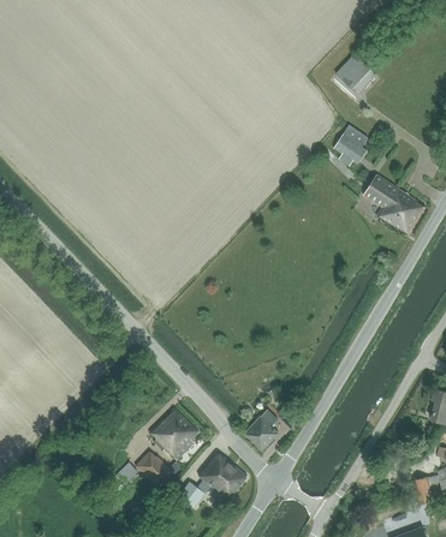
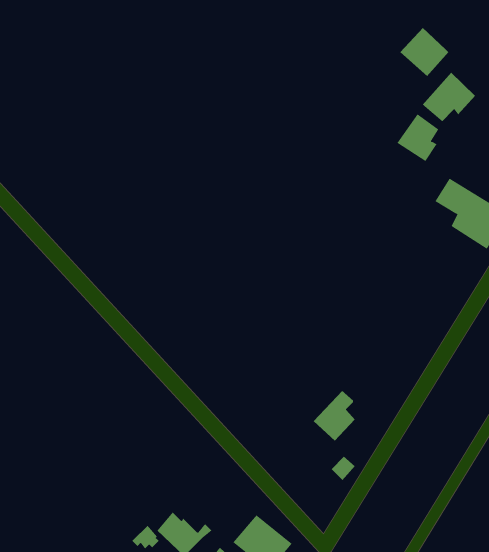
building: none -> [422,72,476,122]
building: [151,407,198,459] -> none
building: [244,408,279,451] -> [313,390,355,442]

